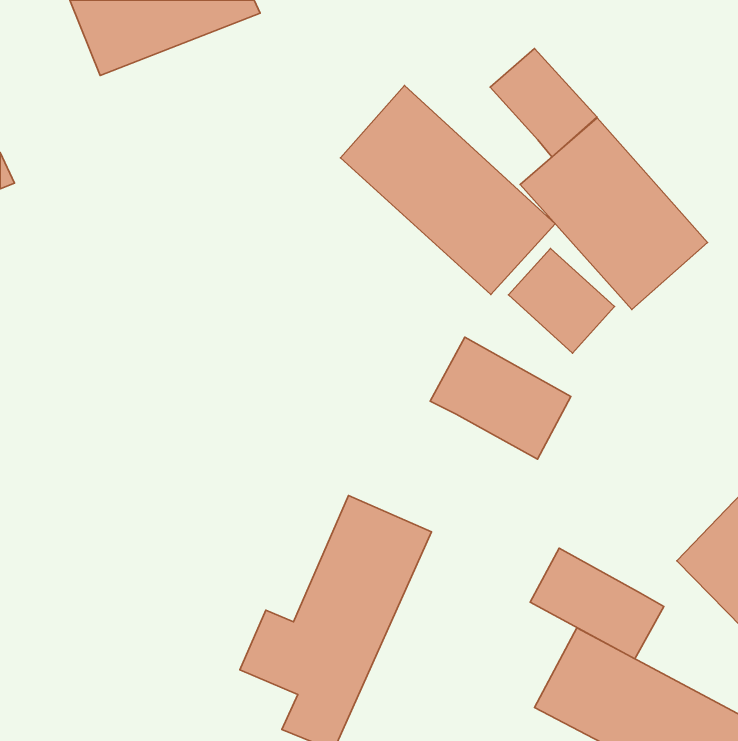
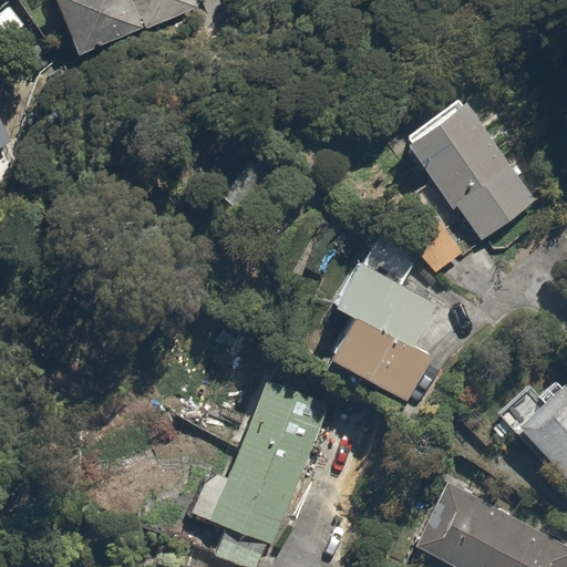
building: [490,49,597,157] -> none
building: [340,85,555,294] -> none
building: [530,548,664,659] -> [329,317,431,401]

